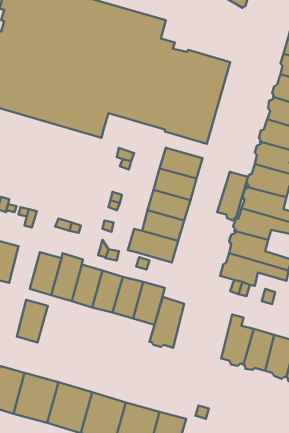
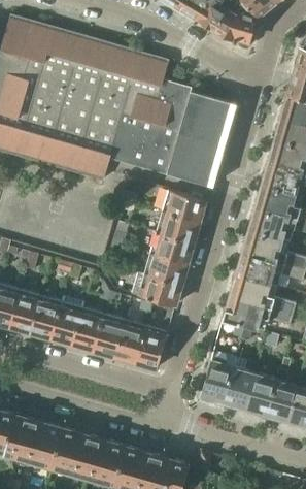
building: [217,172,248,221] -> none
building: [150,297,184,348] -> [201,351,236,402]
building: [17,300,48,343] -> [11,289,42,332]

